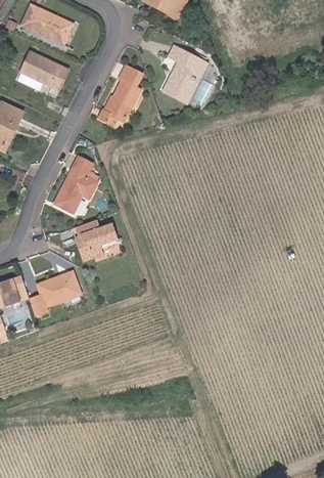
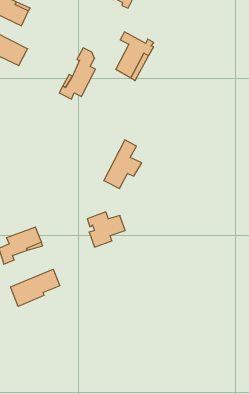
building: [53,156,97,212] -> [104,140,142,189]
building: [75,219,119,260] -> [87,212,125,247]
building: none -> [11,269,60,306]

